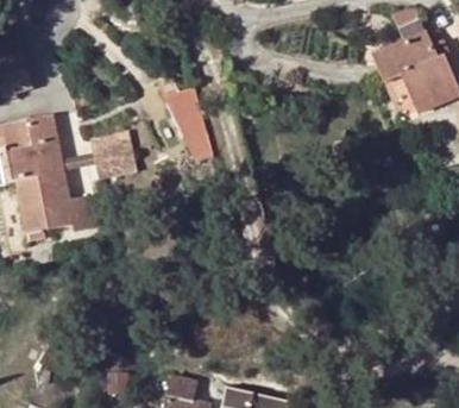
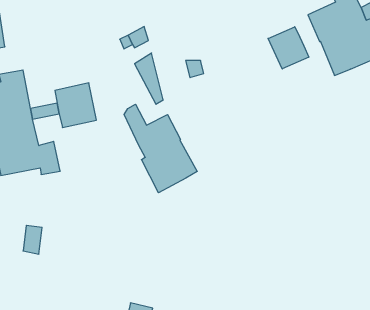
building: none -> [268,27,309,69]
building: none -> [124,104,197,193]

